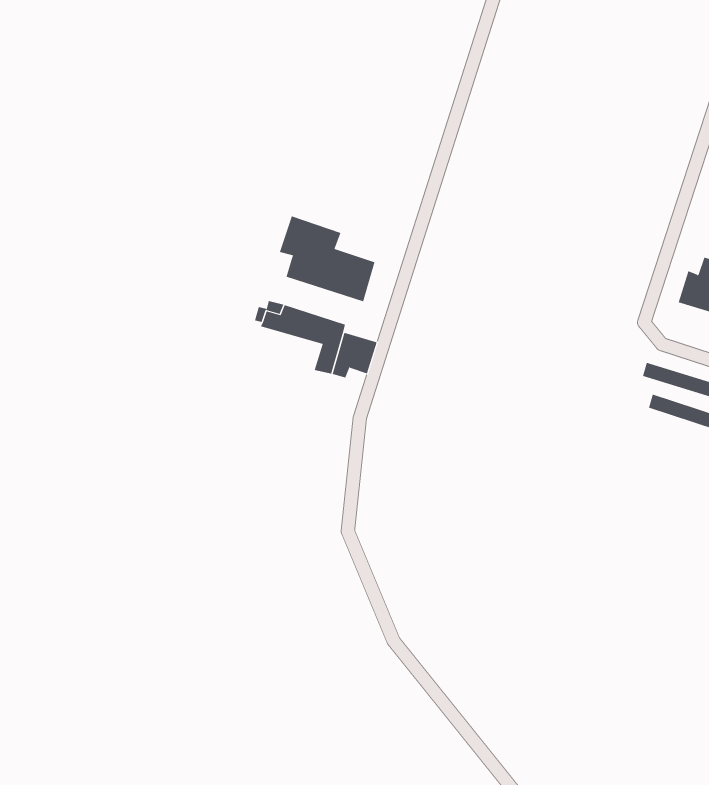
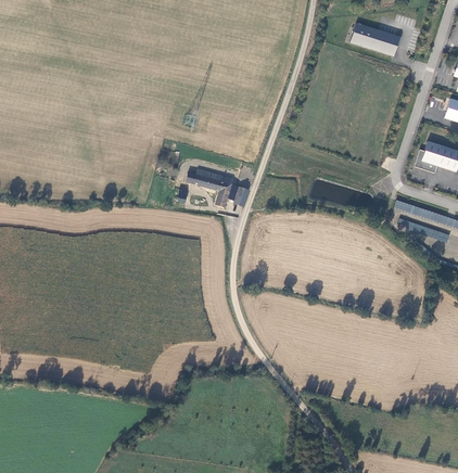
building: none -> [349,23,399,56]
building: [279,216,375,302] -> none

